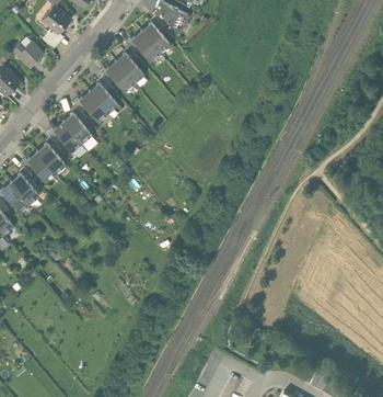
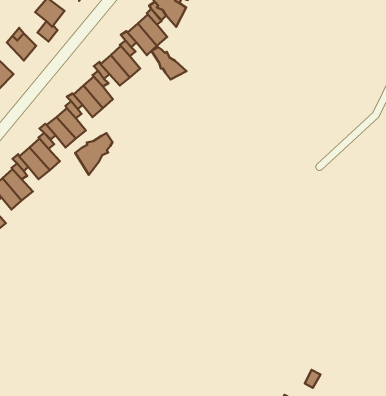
building: none -> [152,47,187,80]
building: none -> [75,133,112,175]

